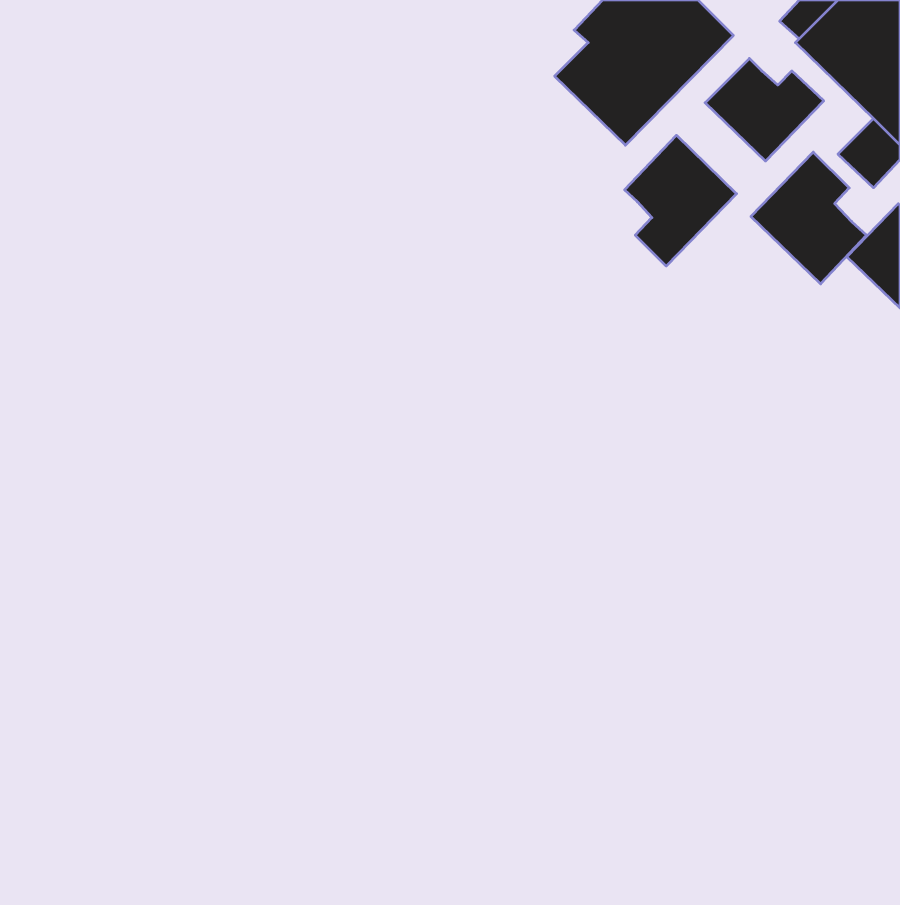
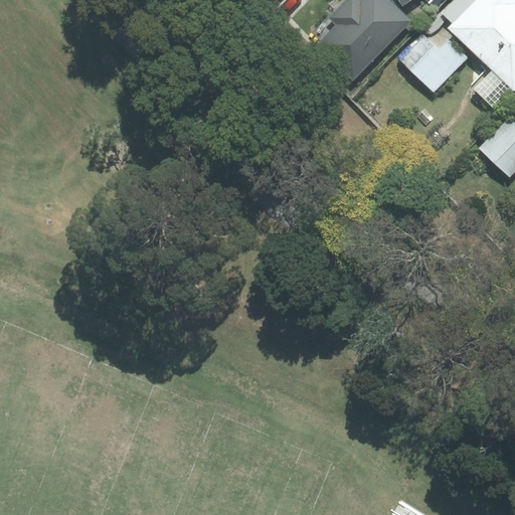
building: [625,135,737,266] -> none
building: [751,152,866,284] -> none

